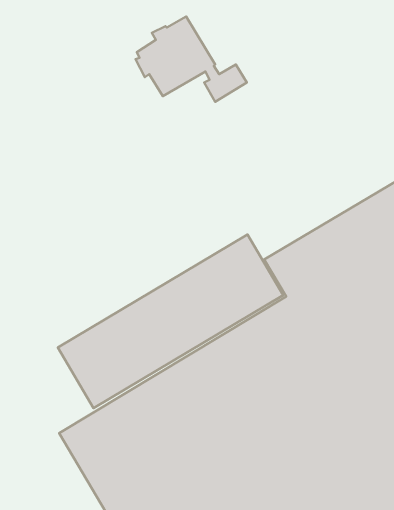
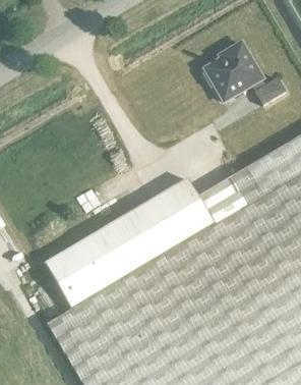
building: [135,16,247,102] -> [203,44,286,107]

